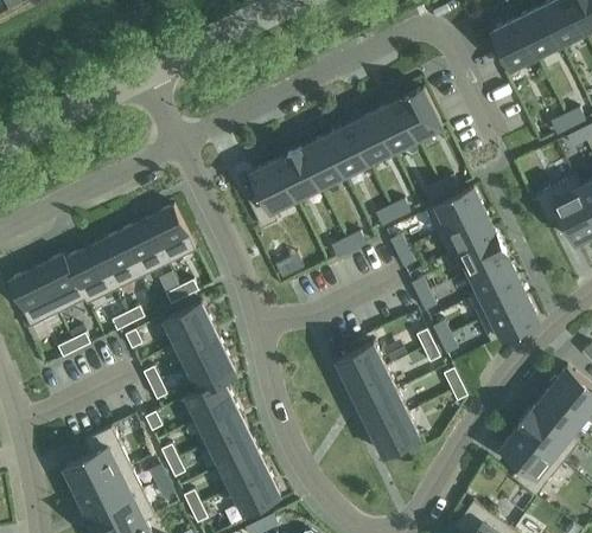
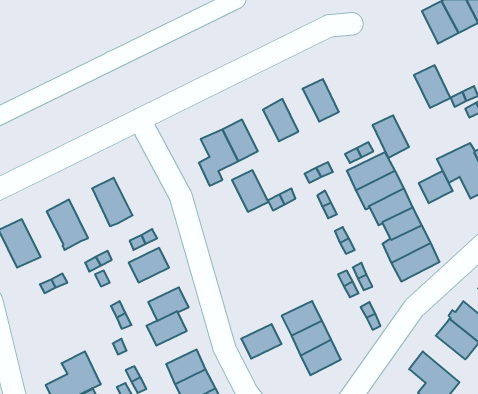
building: [491,19,535,70] -> [414,65,451,108]
building: [397,89,441,140] -> [373,115,409,158]
building: [349,113,393,163] -> none
building: [300,137,344,187] -> [232,170,268,212]
building: [146,206,196,264] -> none
building: none -> [419,171,453,203]
building: [93,232,141,291] -> none
building: [36,255,85,314] -> none
building: [176,327,224,368] -> none
building: [336,343,384,385] -> [241,324,282,359]
building: [197,403,246,443] -> none
building: [517,409,578,464] -> none

